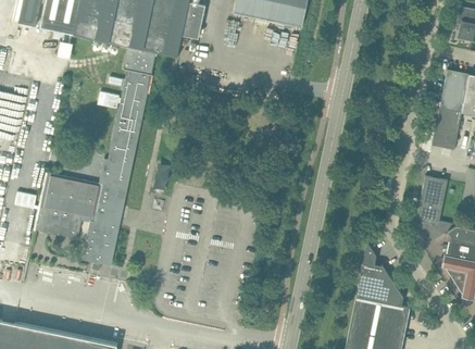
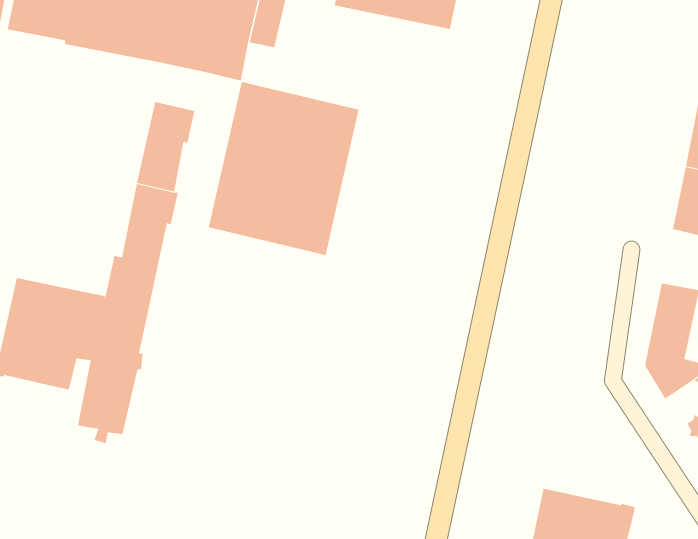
building: [126,47,155,75] -> none
building: none -> [208,81,359,256]
building: [355,244,403,307] -> none

